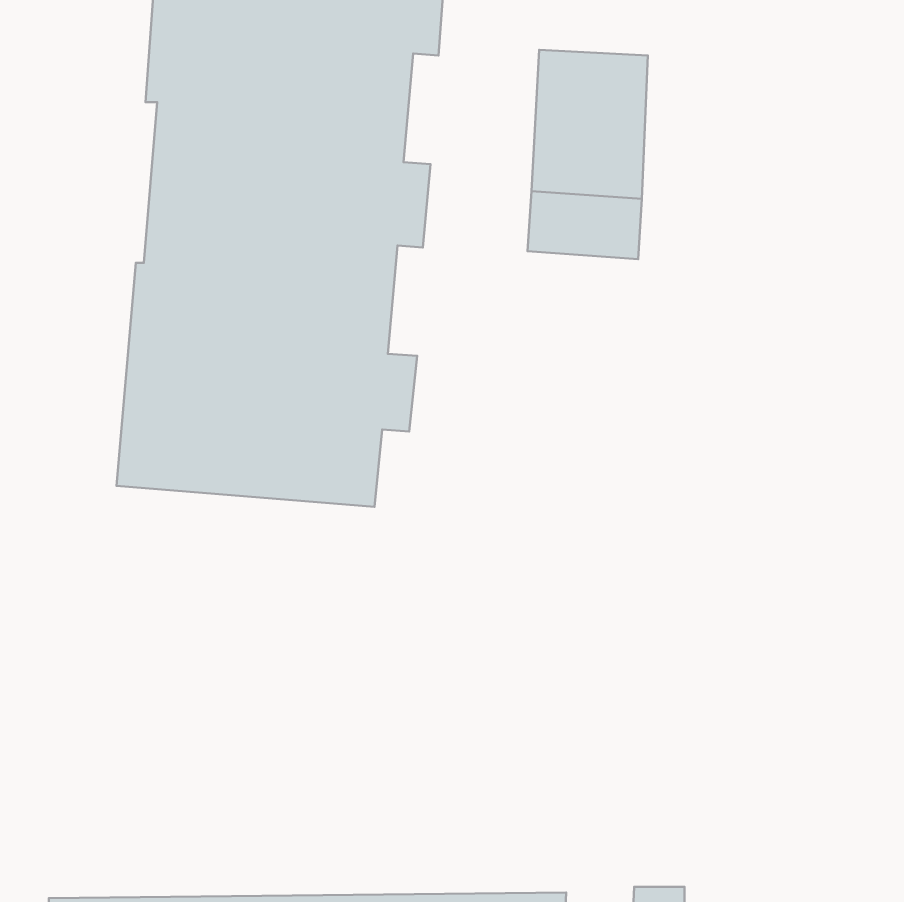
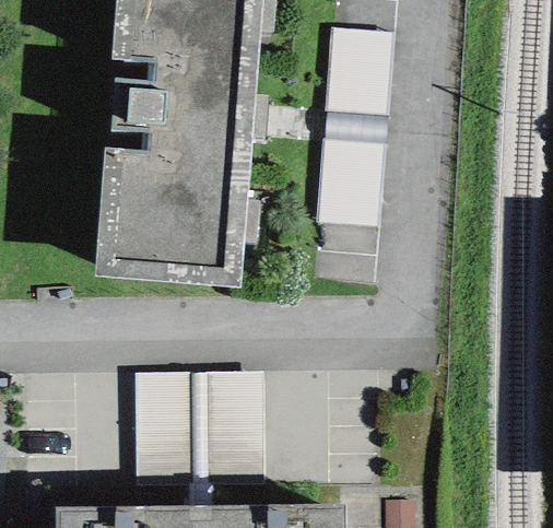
building: none -> [316,143,385,227]
building: none -> [139,361,263,490]

